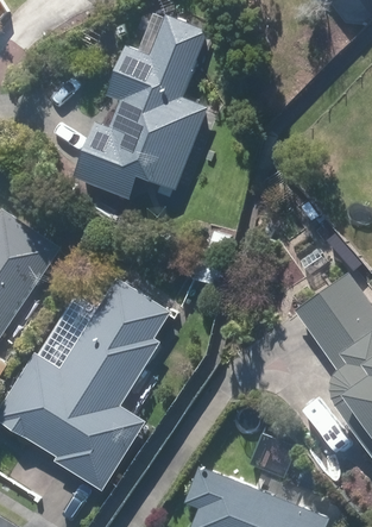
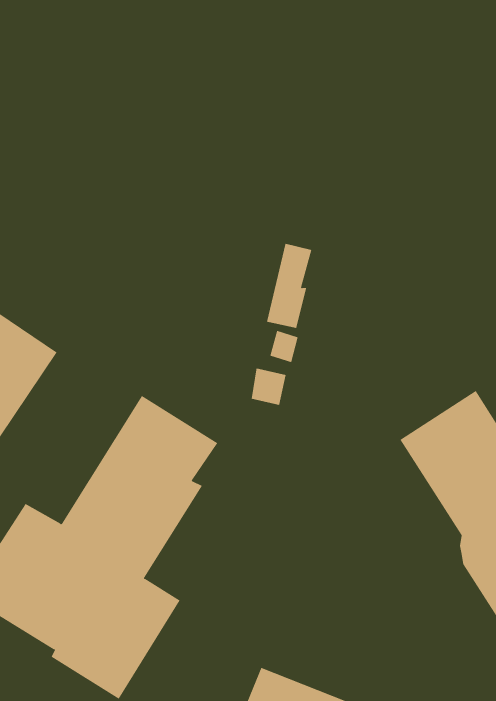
building: [76,17,206,200] -> none

